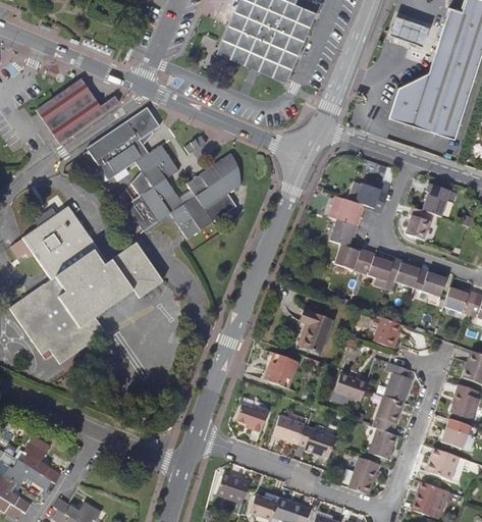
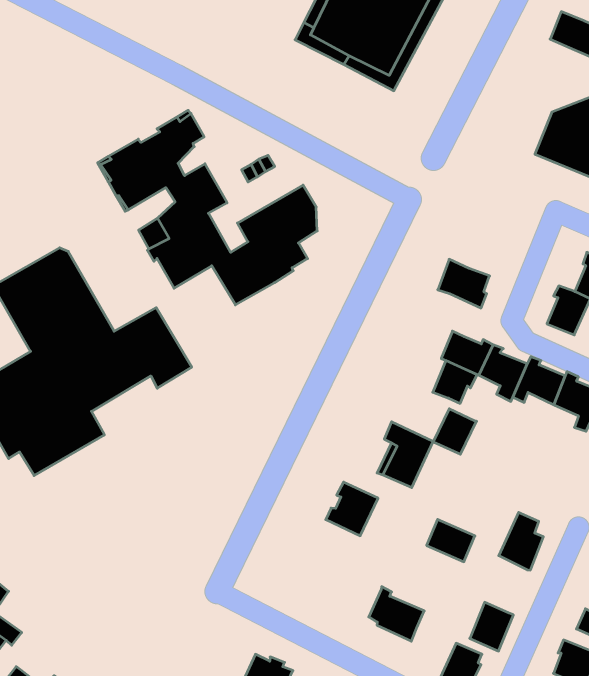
building: [38,77,121,143] -> none
building: [349,180,391,213] -> none
building: [329,218,359,247] -> [433,361,477,403]
building: [373,317,401,348] -> [433,409,477,454]
building: [373,395,405,433] -> none
building: [235,404,269,432] -> none
building: [273,415,306,445] -> none

